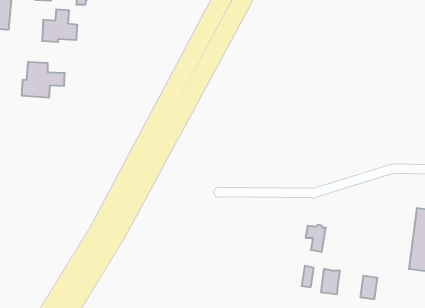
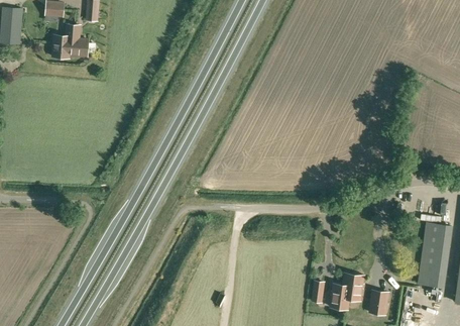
building: [22,62,65,98] -> none
building: [306,225,326,252] -> [343,273,363,300]

